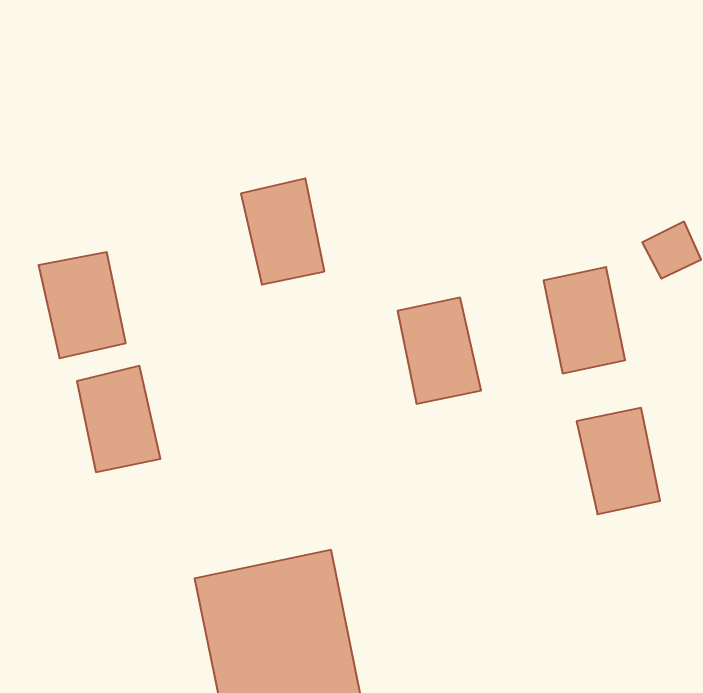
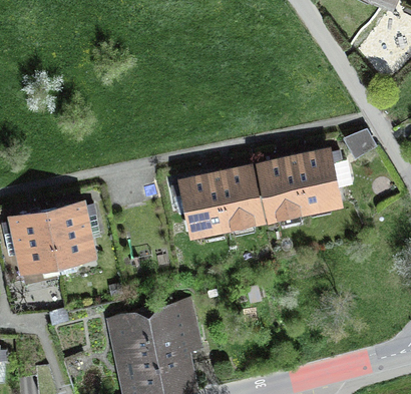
building: [241,178,324,285] -> [182,176,227,233]
building: [38,252,126,358] -> [11,214,57,270]
building: [577,408,660,514] -> [260,160,304,217]

